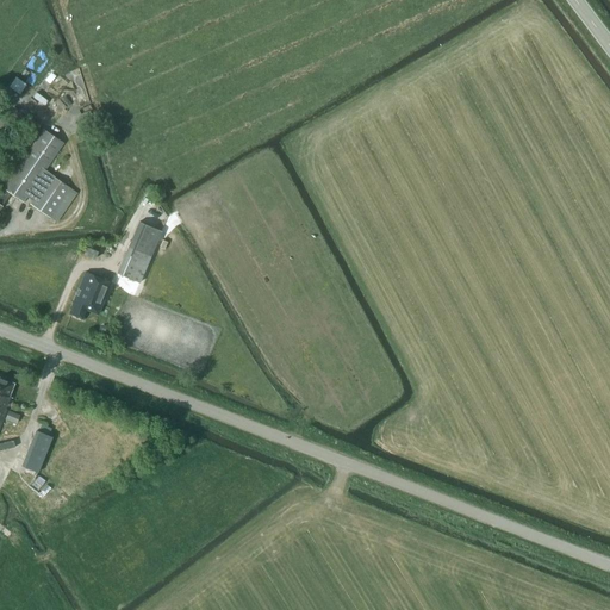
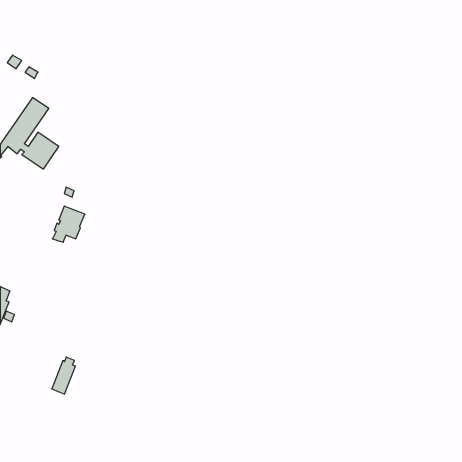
building: [117,222,160,282] -> none
building: [21,424,52,473] -> [52,357,75,394]

